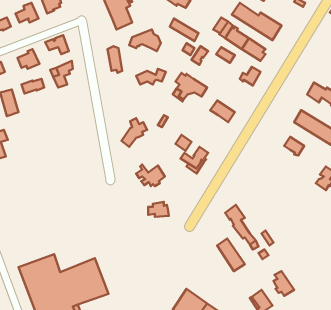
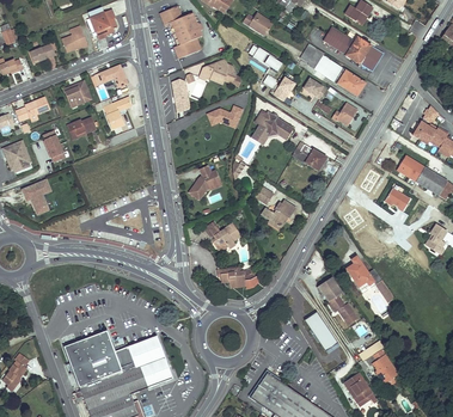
building: none -> [345,256,394,301]

